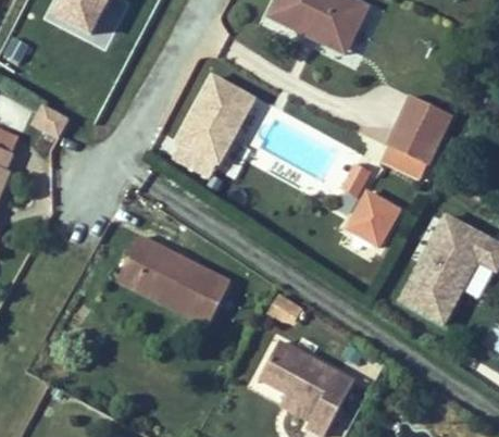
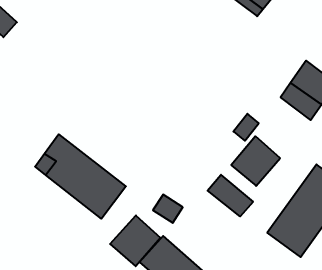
building: [178,82,252,166] -> none
building: none -> [208,175,253,216]
building: none -> [110,215,161,266]

